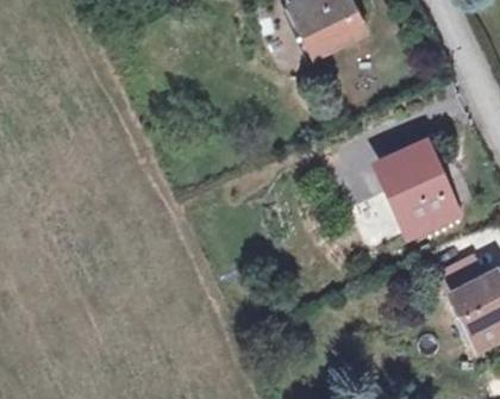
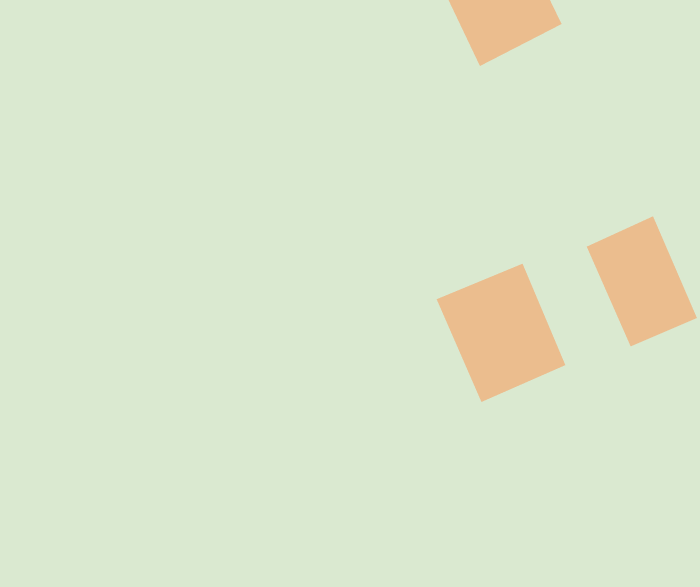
building: none -> [436,263,566,403]

